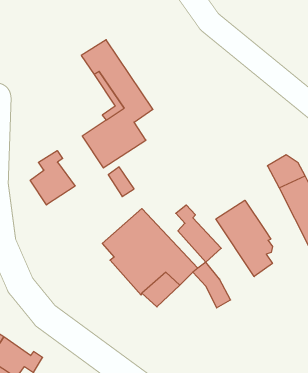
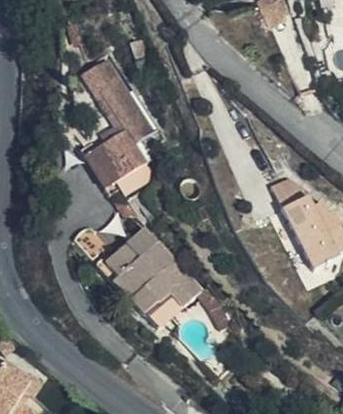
building: [30,151,75,205] -> none
building: [216,200,273,277] -> none
building: [176,205,221,262] -> none

